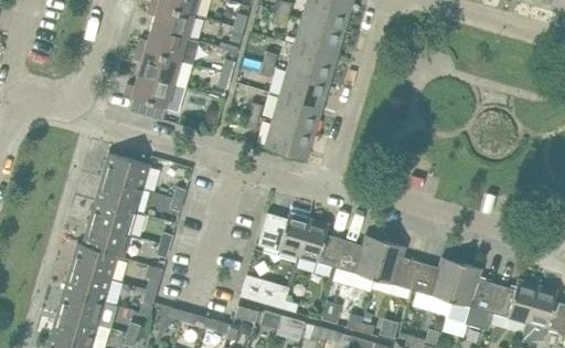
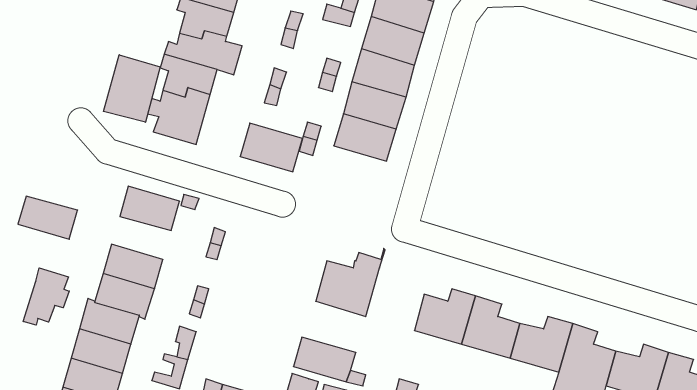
building: none -> [103,55,160,122]
building: [265,122,315,160] -> [240,123,303,172]
building: [96,178,143,212] -> [18,196,78,239]
building: none -> [23,268,69,325]
building: [298,219,344,268] -> none

